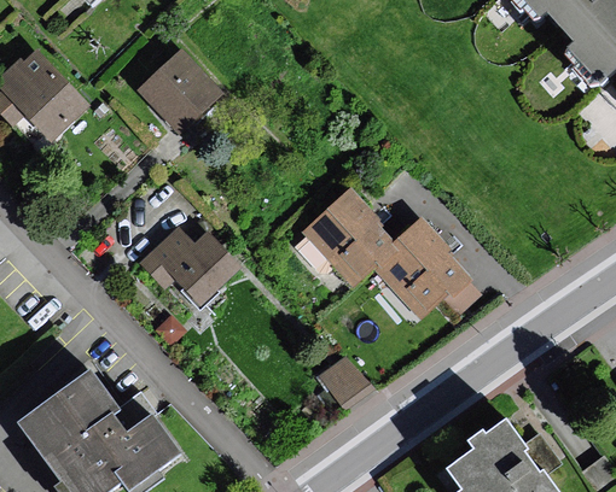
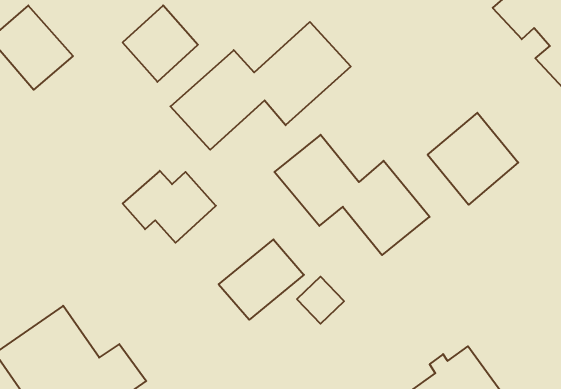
building: none -> [170,22,351,150]
building: none -> [428,113,518,205]
building: none -> [219,239,304,320]

